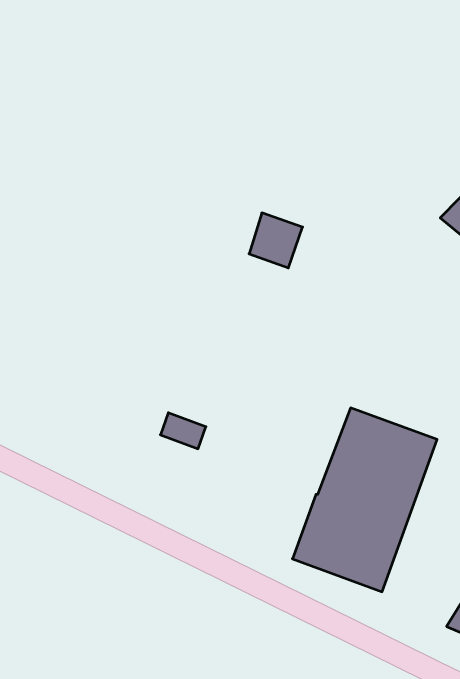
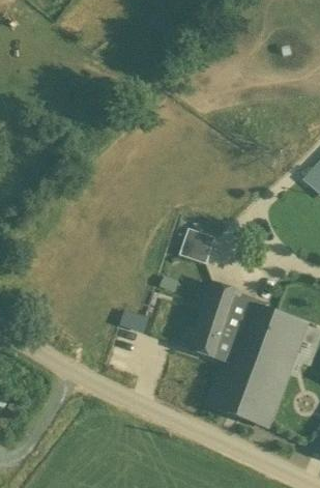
building: [249,213,303,268] -> [179,227,214,263]
building: none -> [192,283,246,361]

